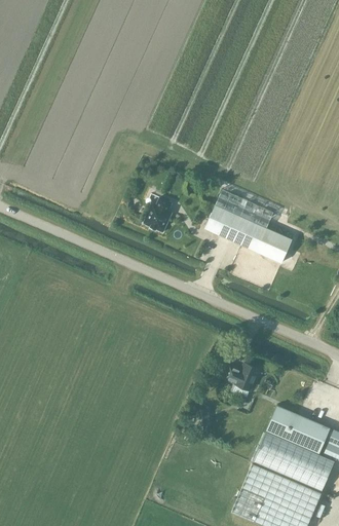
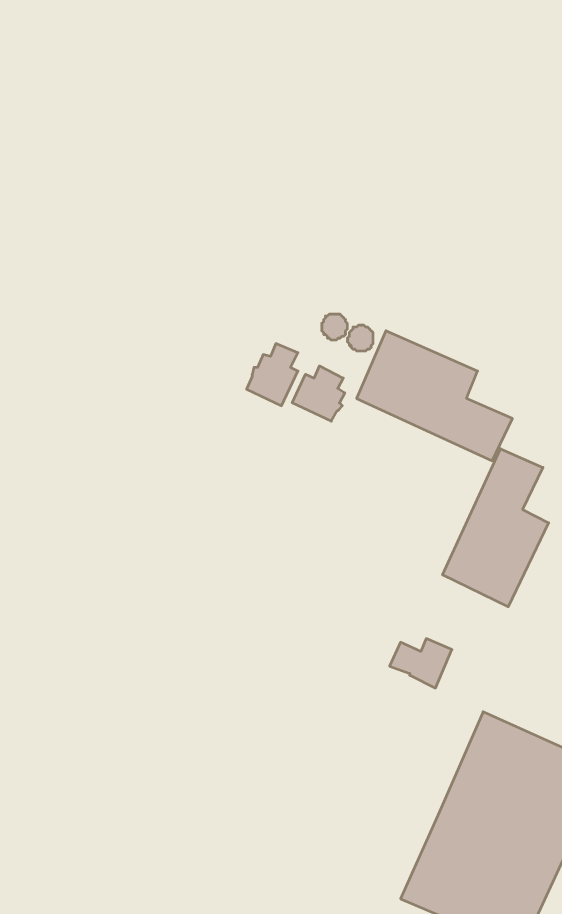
building: none -> [292,366,345,421]
building: none -> [443,449,549,607]

